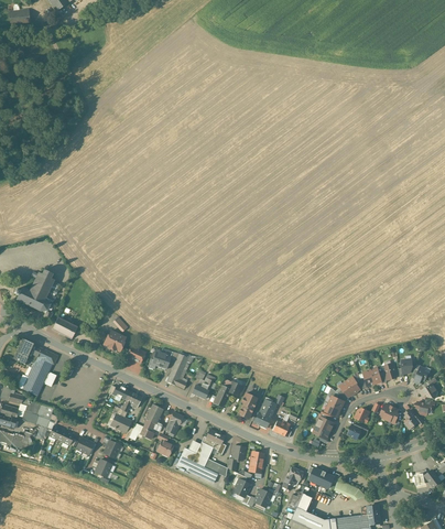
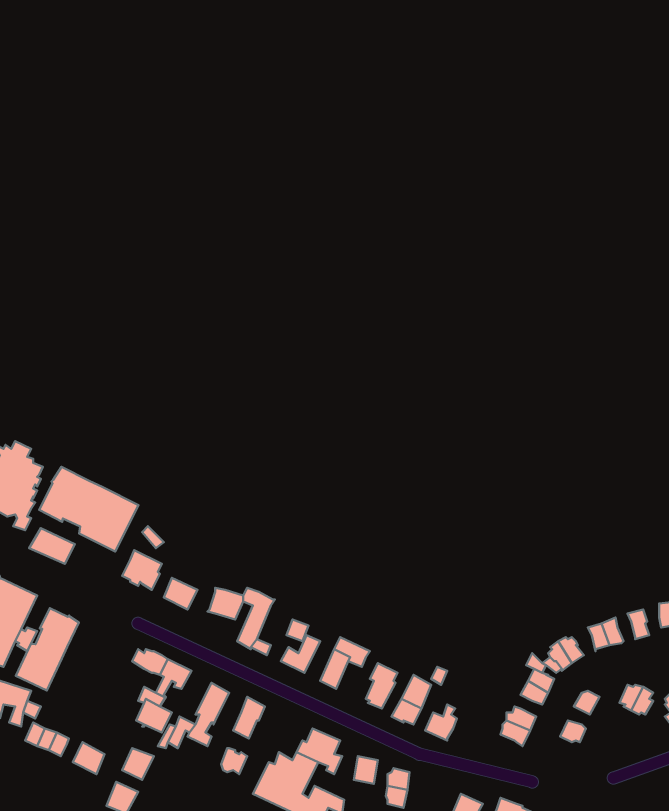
building: none -> [39,467,138,552]
building: none -> [16,608,79,690]

